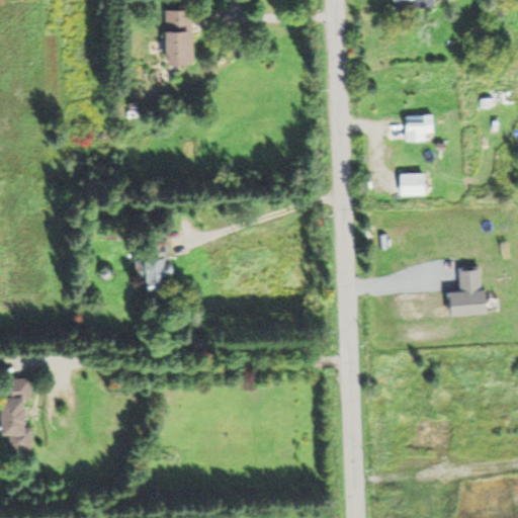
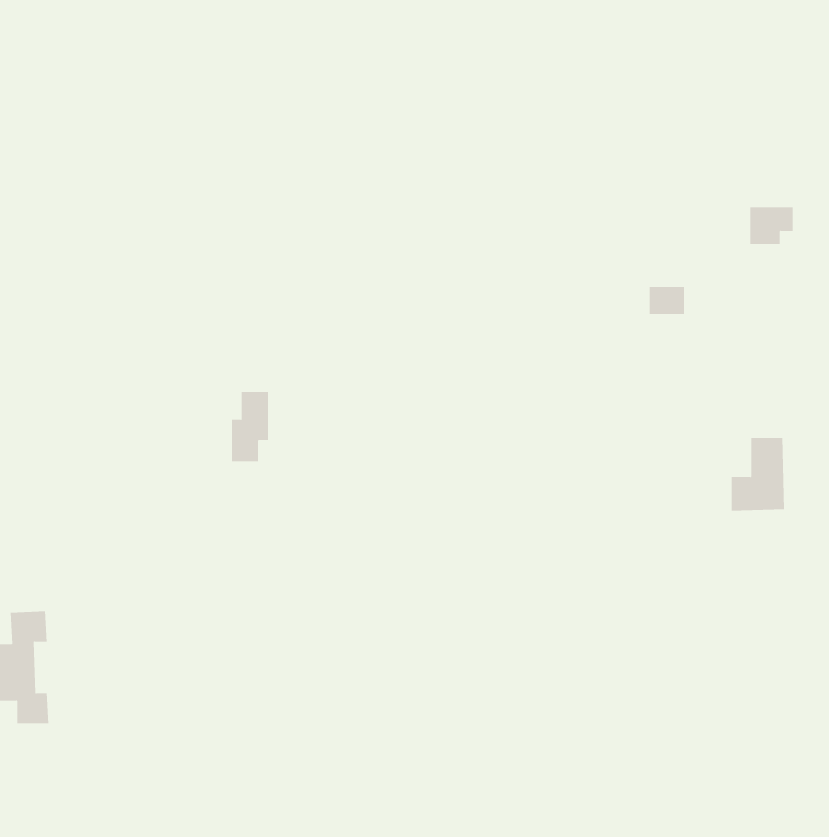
building: [166,9,194,64] -> none
building: [407,116,434,140] -> [749,207,794,244]

